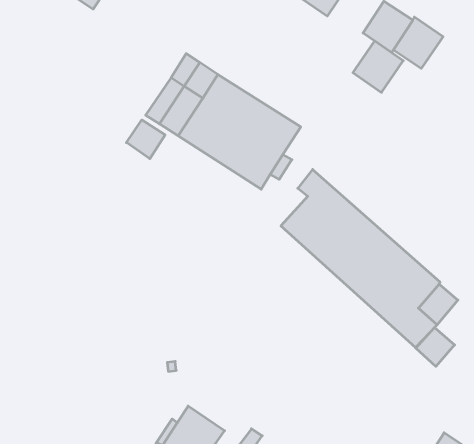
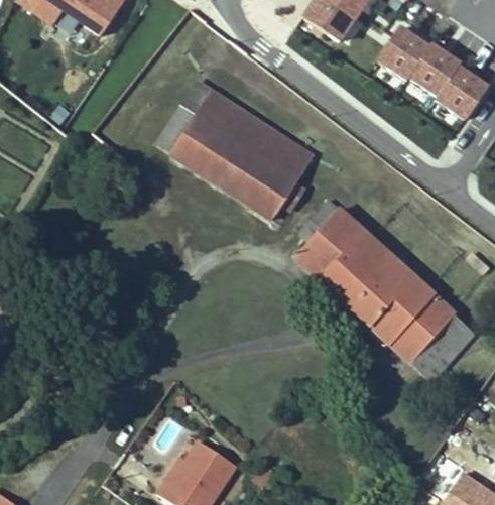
building: [353,41,403,92] -> [436,68,487,120]
building: [126,120,165,159] -> none
building: [416,328,455,366] -> none

